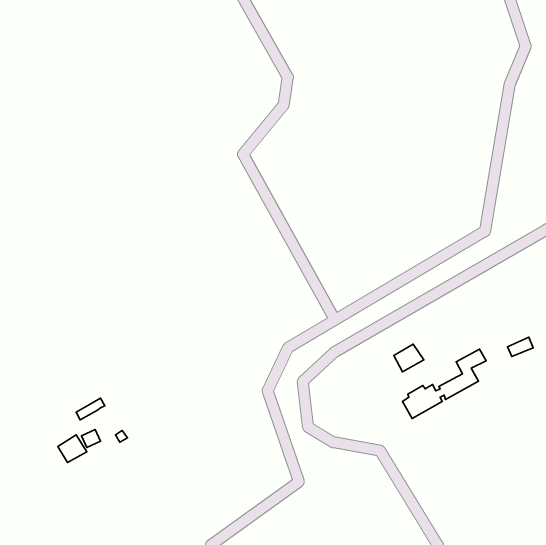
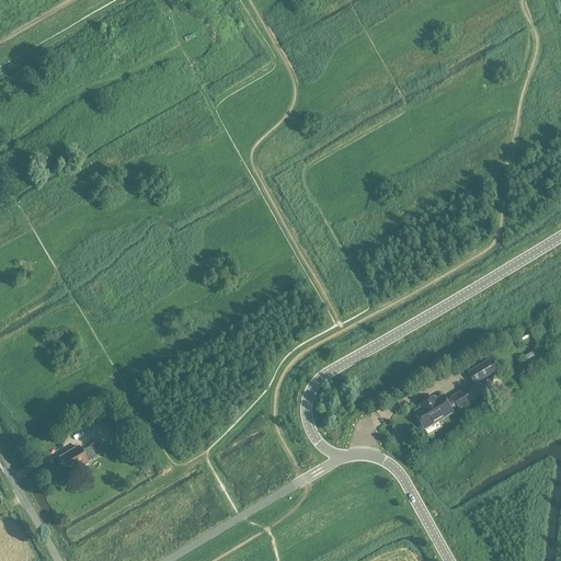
building: [394,344,424,372] -> none

